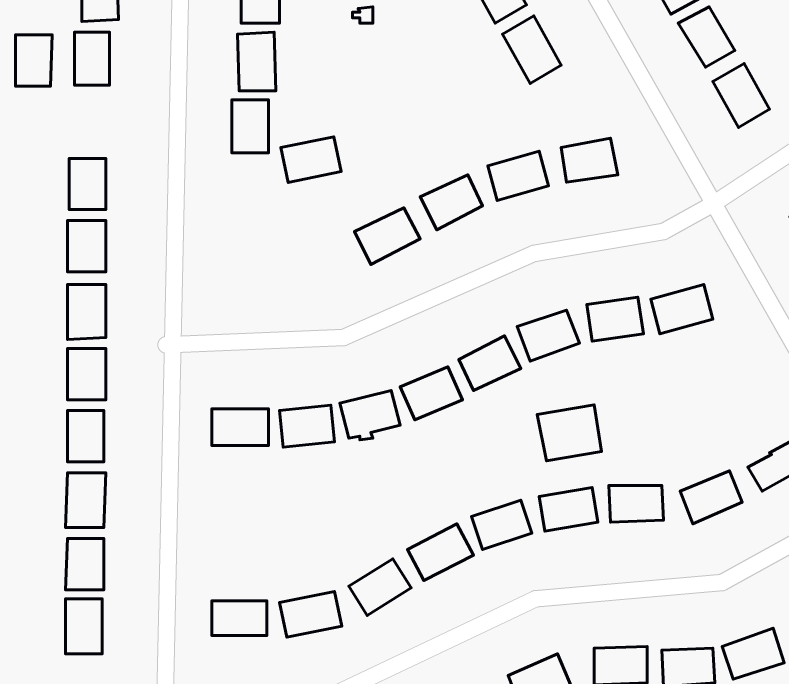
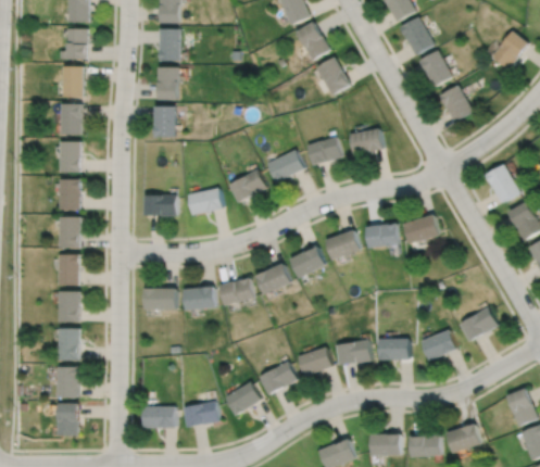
building: [16,35,52,86] -> [59,104,80,135]
building: [281,137,341,182] -> [187,189,223,216]
building: none -> [143,195,176,217]
building: [537,405,601,461] -> none

